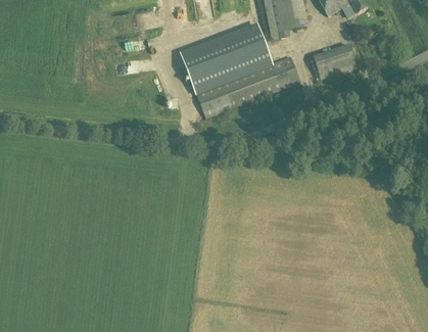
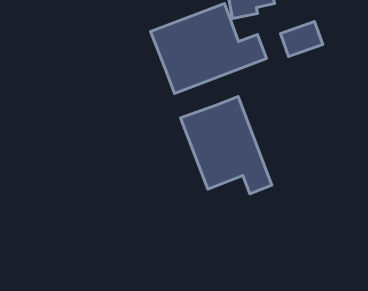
building: none -> [181,97,272,194]

